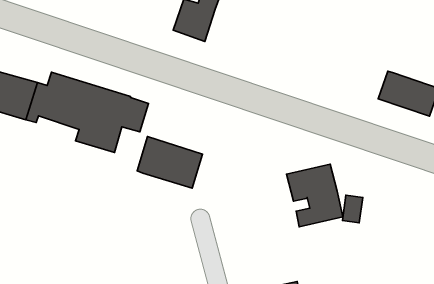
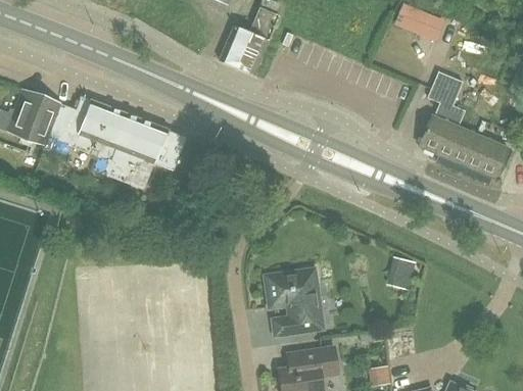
building: none -> [419,71,465,153]
building: [137,137,202,188] -> none
building: [287,164,343,227] -> [265,268,323,335]

